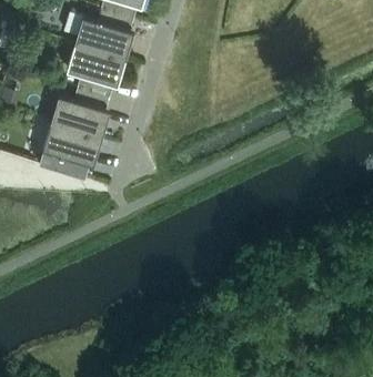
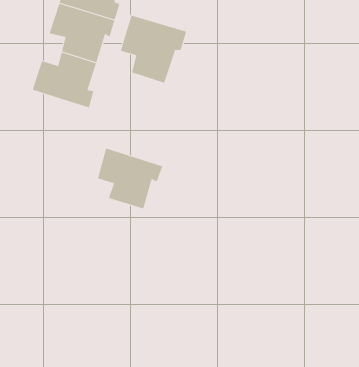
building: none -> [120,15,187,84]
building: [43,121,103,176] -> [97,148,163,209]

